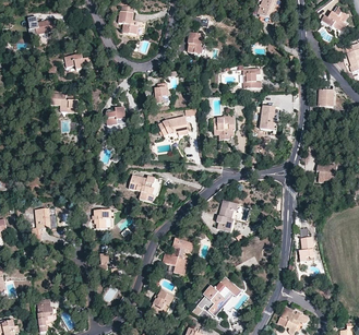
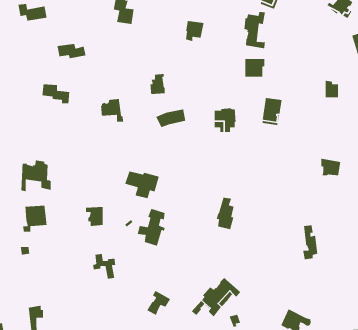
building: none -> [243,11,266,49]
building: none -> [20,160,51,192]
building: [161,237,189,274] -> [137,208,166,247]

